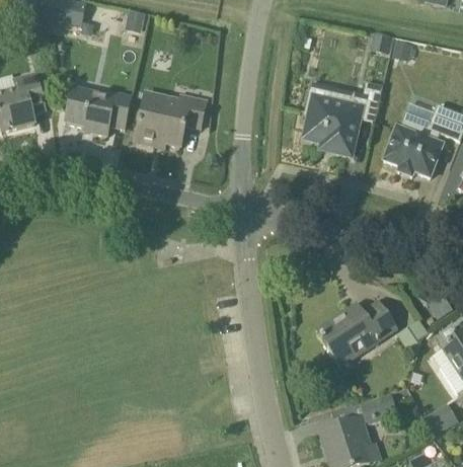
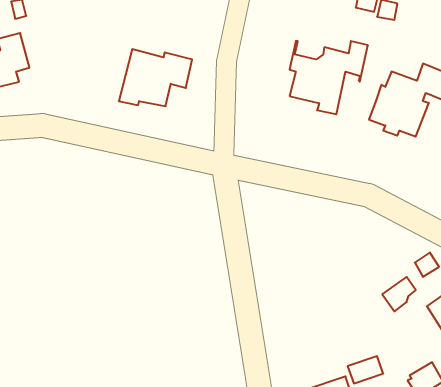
building: [66,89,133,136] -> none
building: [318,300,397,367] -> none

